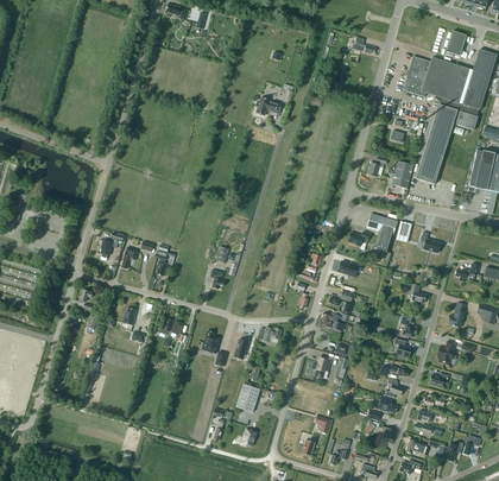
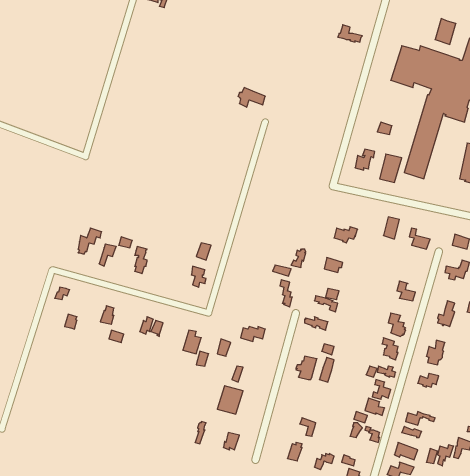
building: [366,213,397,252] -> none

